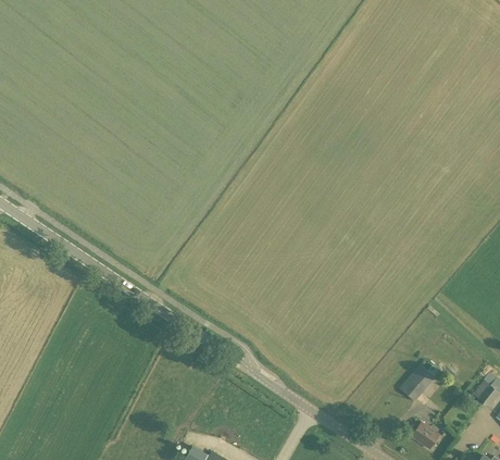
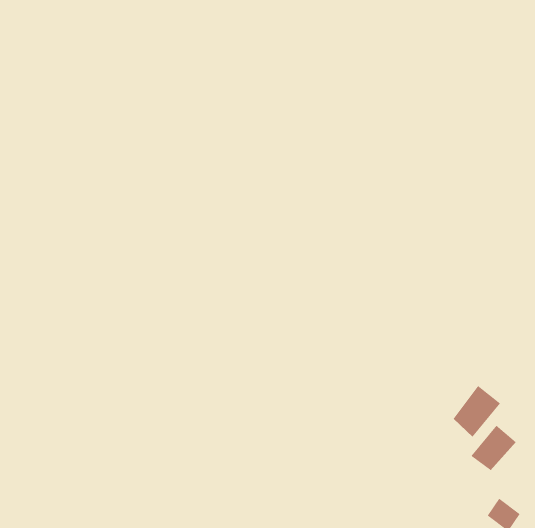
building: none -> [453,385,501,437]

